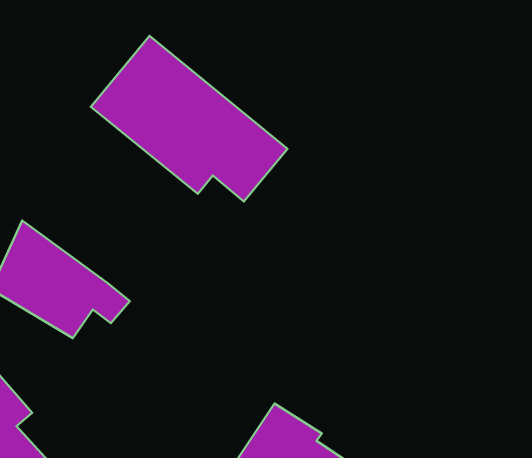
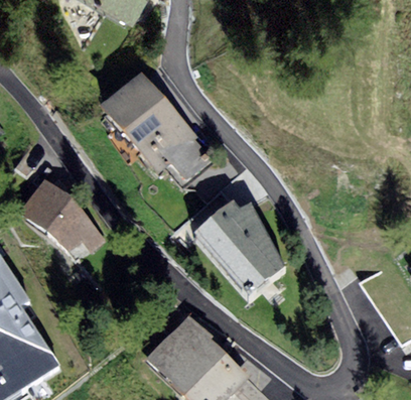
building: none -> [194,198,285,299]

